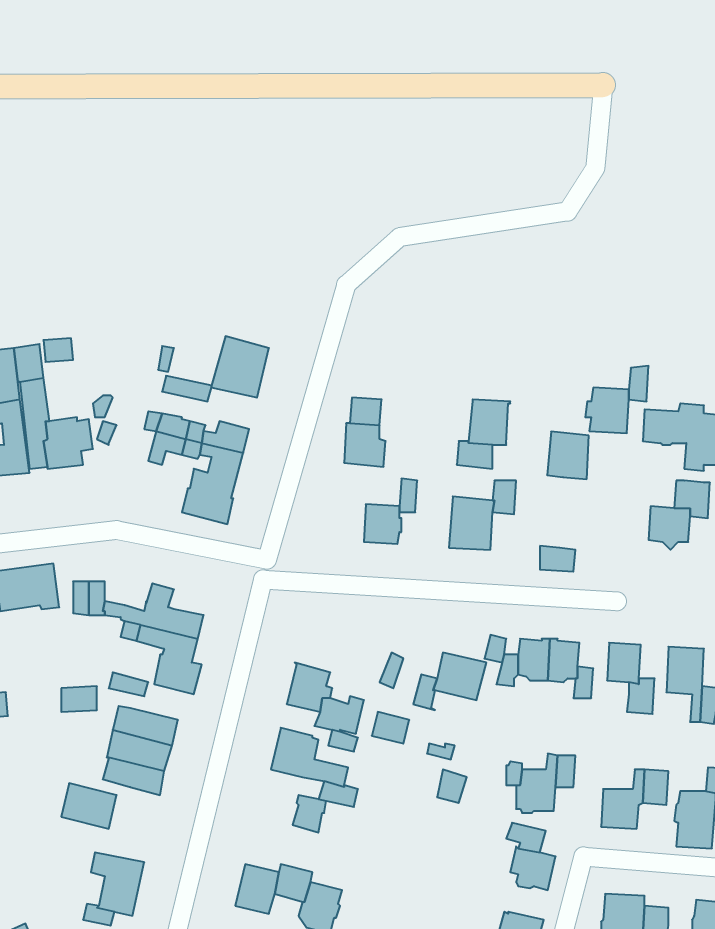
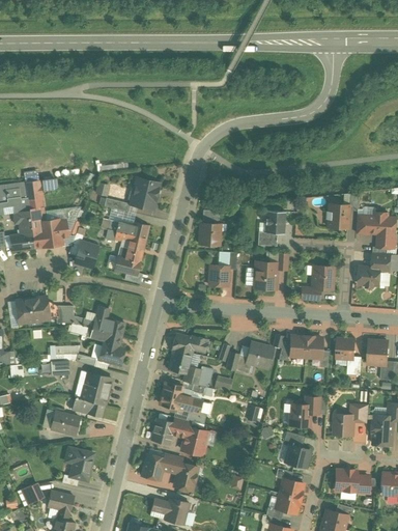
building: [547,432,589,479] -> [312,266,334,290]
building: none -> [75,242,97,268]
building: none -> [173,337,206,354]
building: none -> [151,418,175,445]
building: none -> [182,427,207,455]

